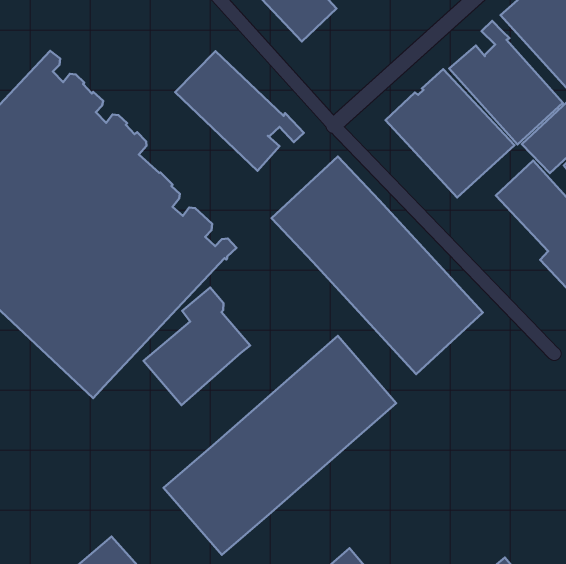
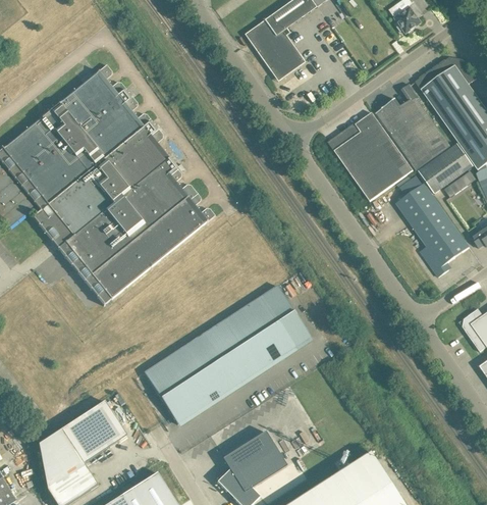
building: [175,51,304,171] -> none
building: [271,156,483,374] -> none
building: [143,288,250,405] -> none

